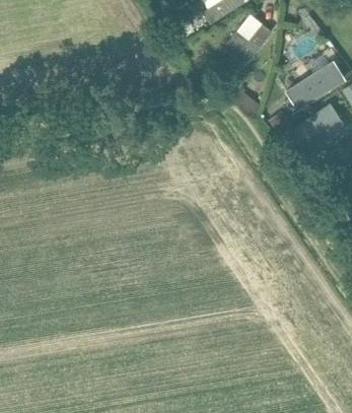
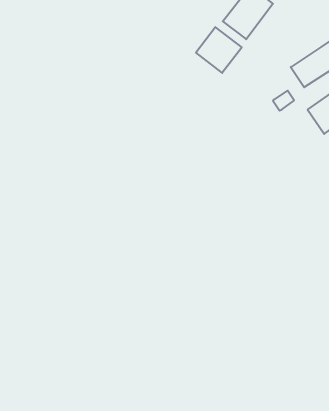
building: none -> [196,27,242,73]

